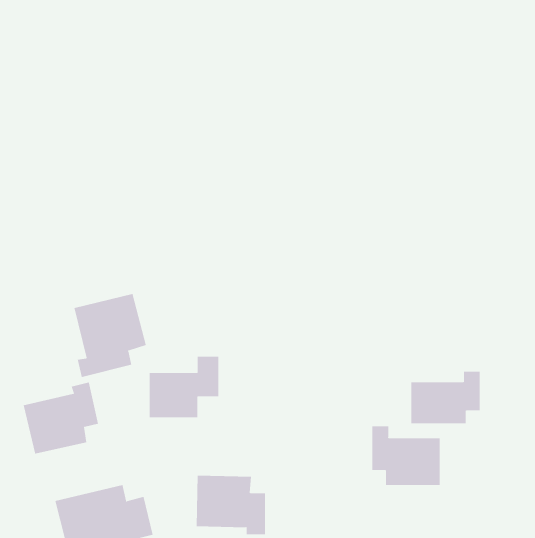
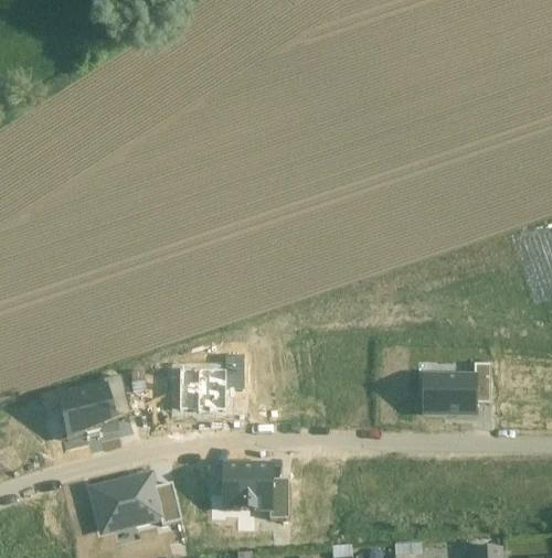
building: [74,293,146,378] -> none
building: [372,425,440,486] -> none

